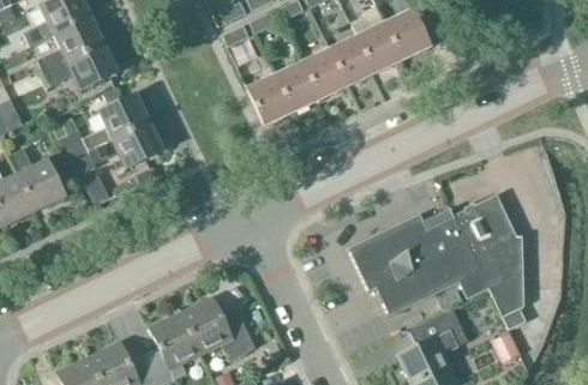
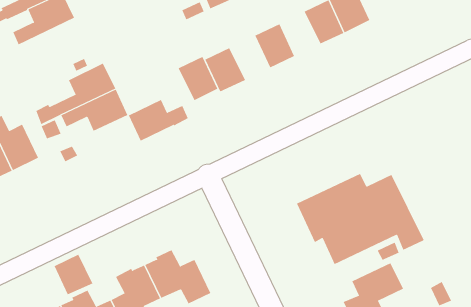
building: [329,36,373,85] -> none
building: [41,43,116,90] -> none
building: [274,62,318,112] -> [178,56,218,101]
building: none -> [128,99,189,141]
building: [452,194,524,329] -> none
building: none -> [54,254,93,295]

